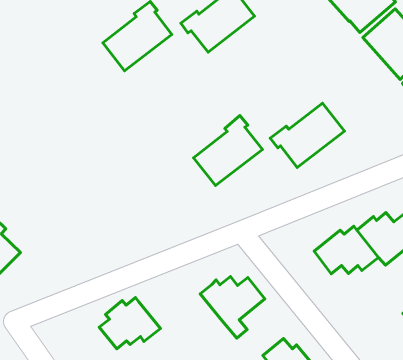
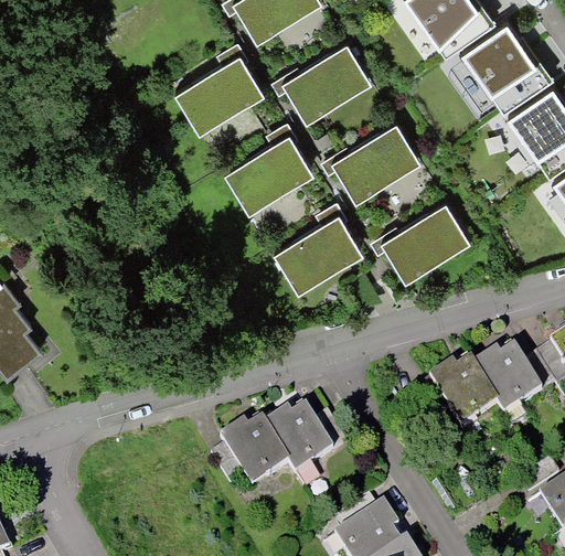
building: none -> [328,122,423,201]
building: none -> [225,129,313,215]
building: [99,297,161,349] -> [211,424,289,487]

